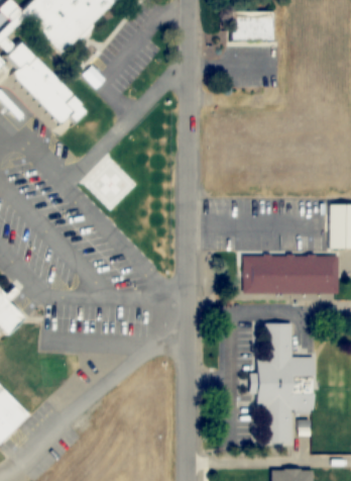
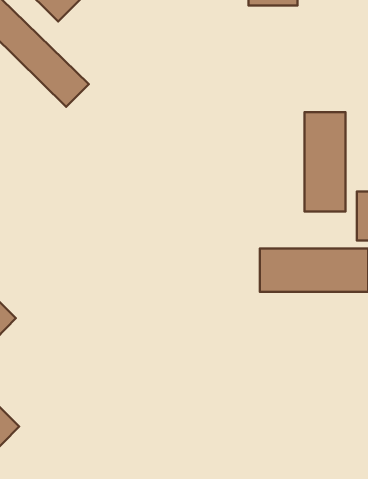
building: none -> [304,112,346,211]
building: [247,322,312,444] -> none

